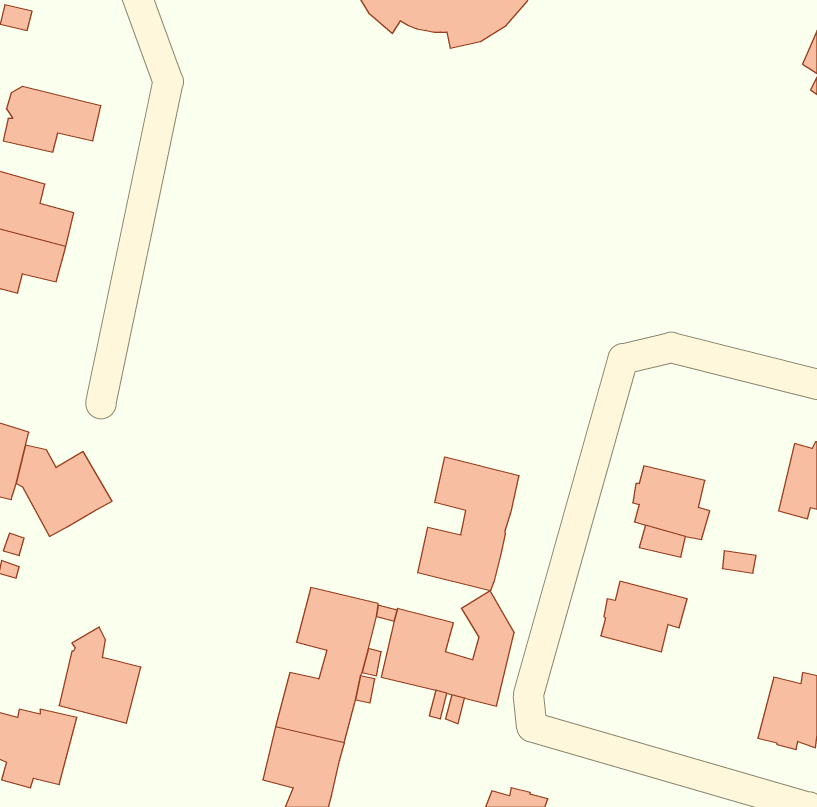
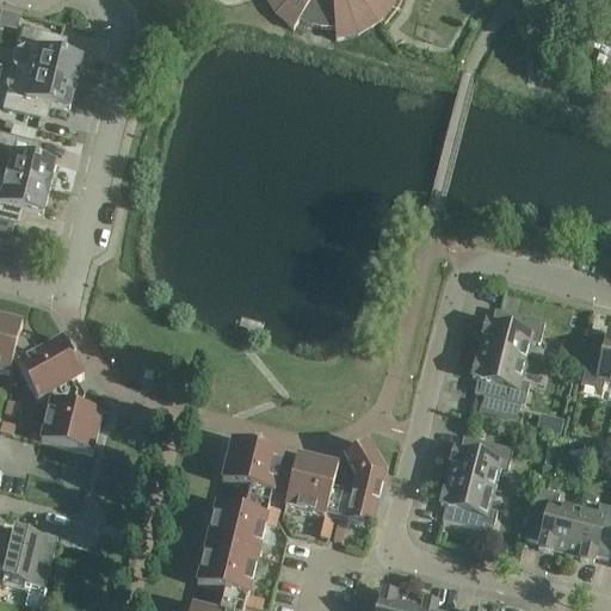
building: none -> [11,23,81,79]
building: none -> [480,307,544,358]
building: [418,457,519,591] -> none
building: [59,627,141,723] -> [41,381,101,452]
building: none -> [439,474,496,529]
building: none -> [524,486,576,550]

